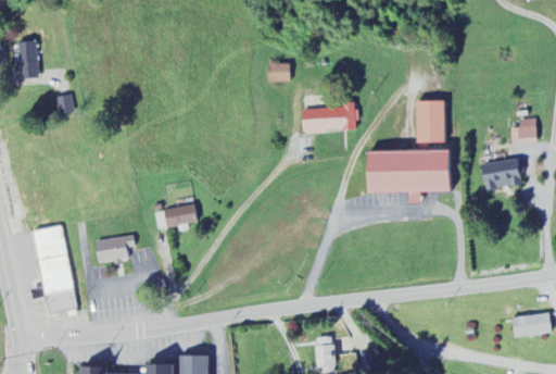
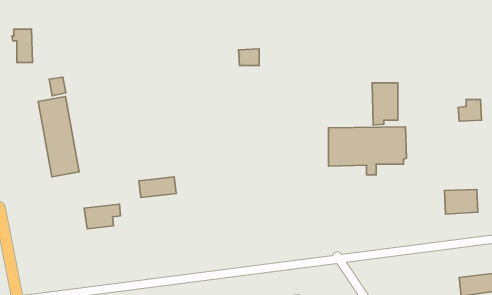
building: [302,105,357,130] -> none
building: [483,160,520,187] -> [445,190,478,214]
building: [33,225,78,314] -> [38,97,79,177]

